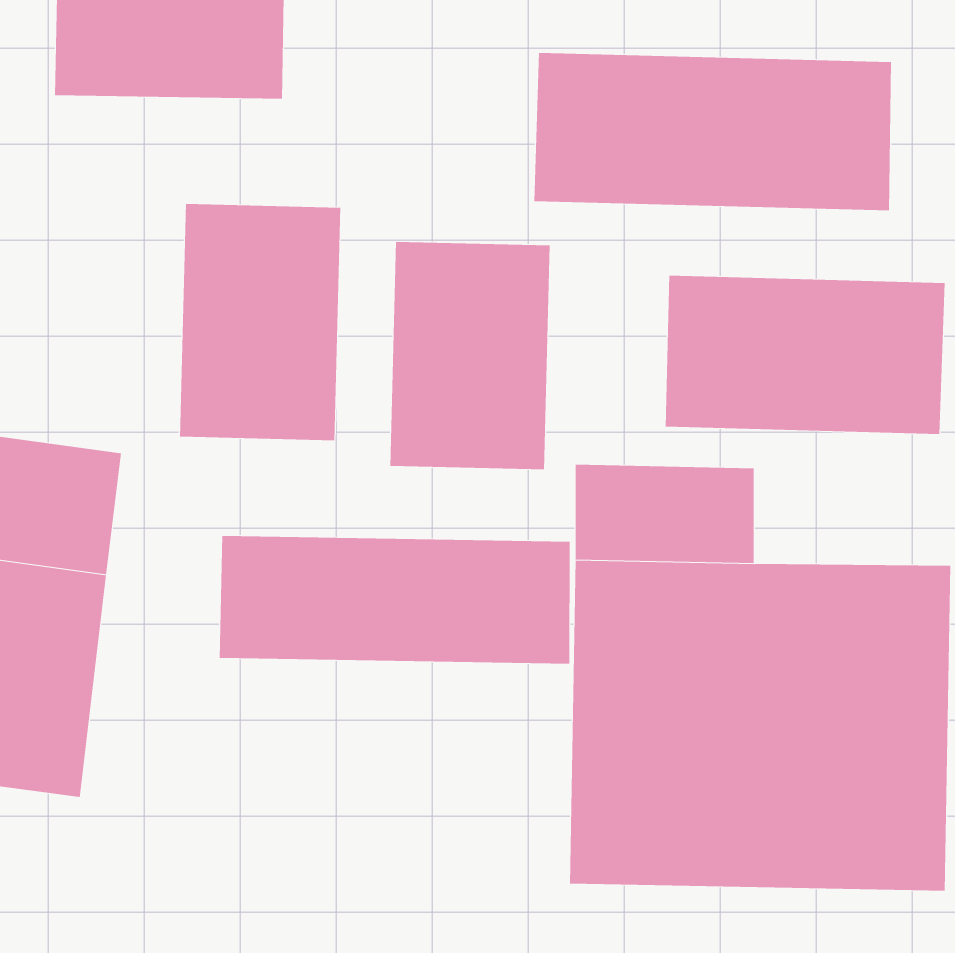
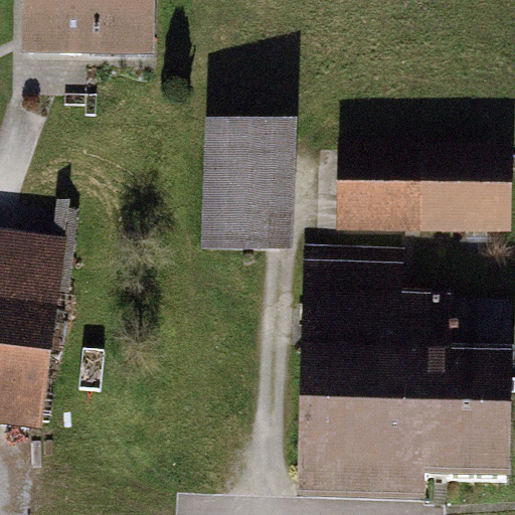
building: [534,52,892,211] -> none
building: [180,203,341,441] -> none
building: [219,535,570,665] -> none

